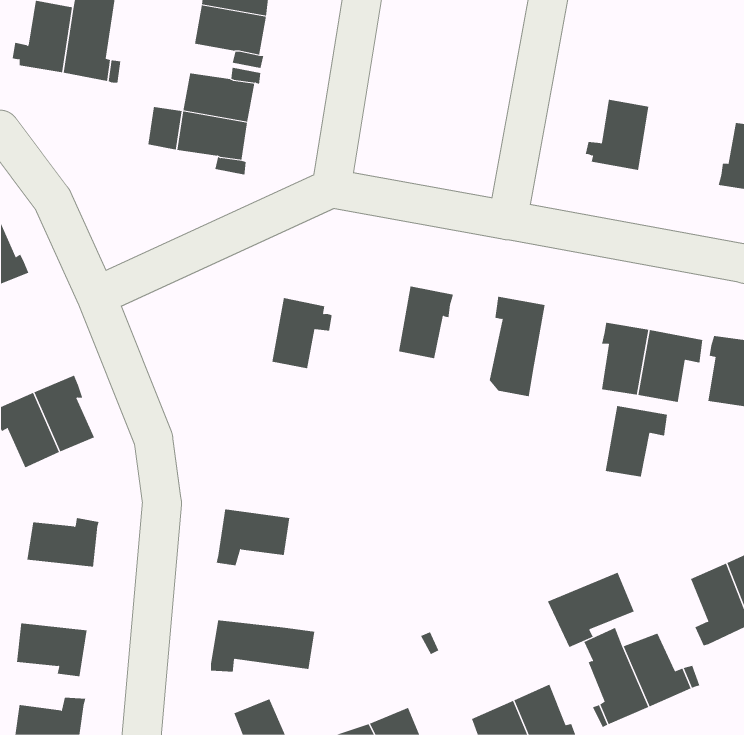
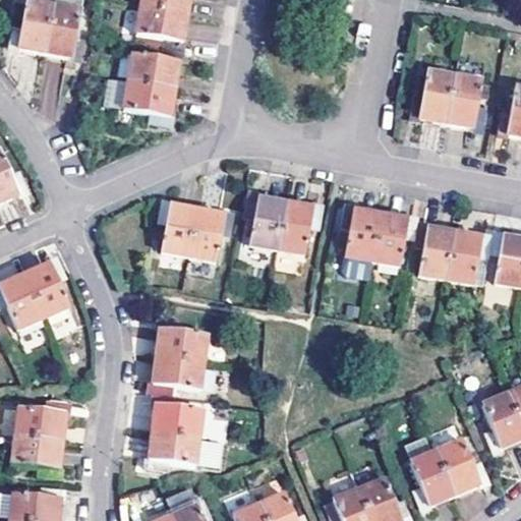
building: none -> [447,74,483,124]
building: none -> [250,194,287,245]
building: none -> [159,201,198,252]
building: [605,406,668,477] -> [373,213,417,263]
building: none -> [158,322,208,361]
building: [27,518,100,567] -> [15,405,66,440]
building: none -> [153,394,202,438]
building: [547,572,634,648] -> none

